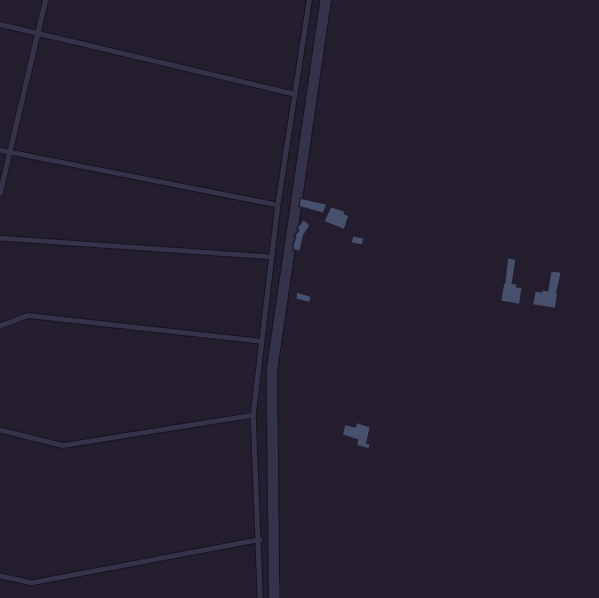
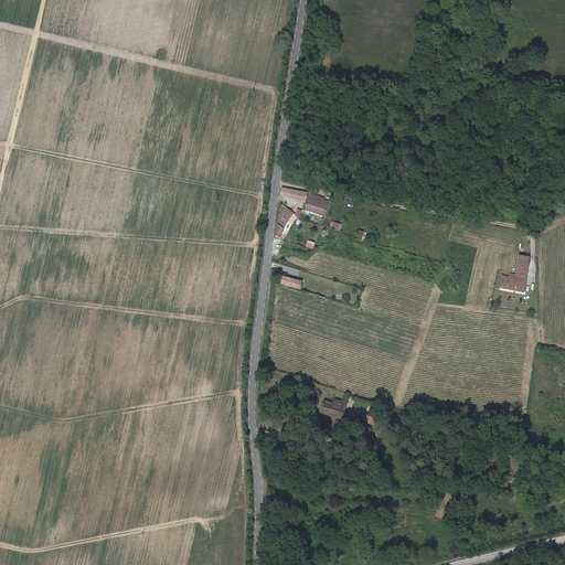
building: [501,257,523,305] -> none

